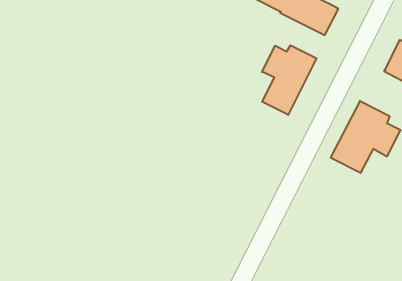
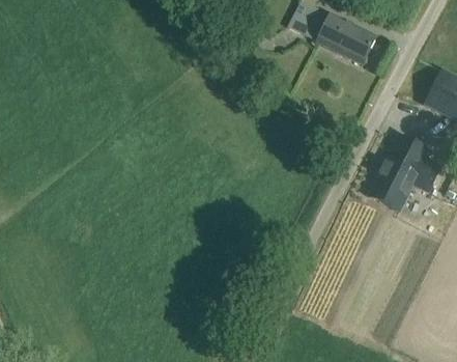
building: [262,45,316,115] -> none

